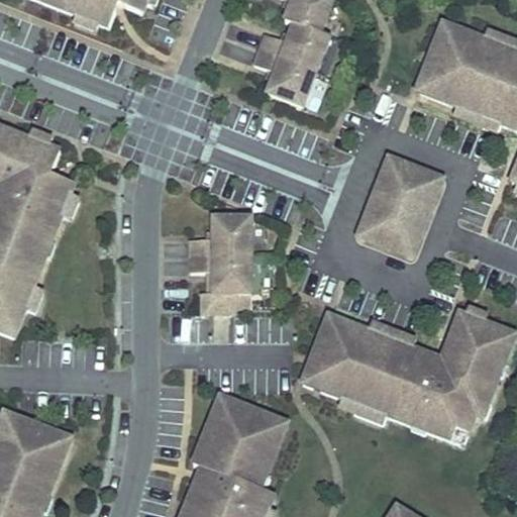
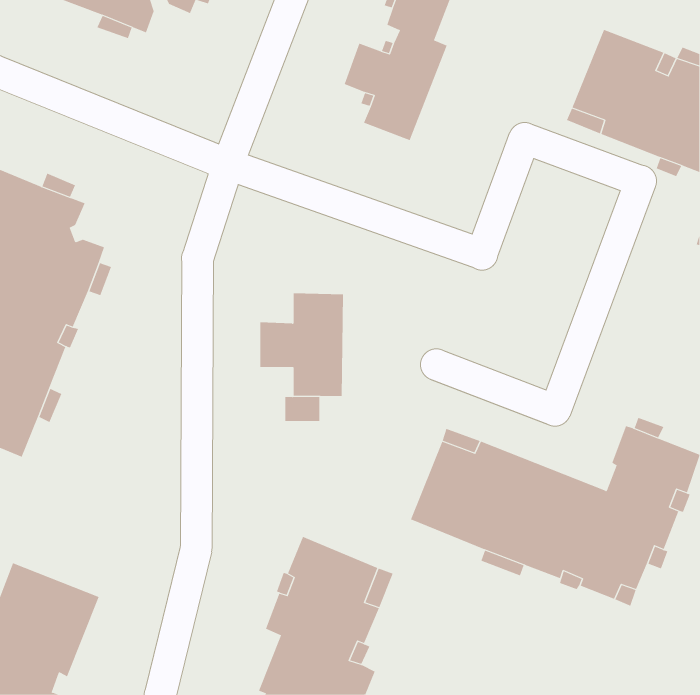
building: [359,157,440,252] -> none

